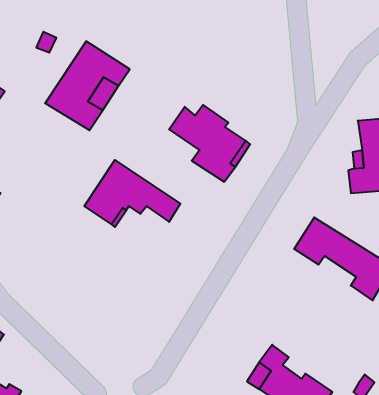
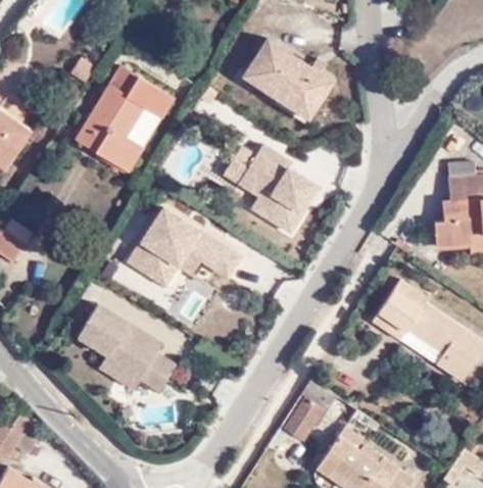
building: none -> [248,42,336,116]
building: none -> [73,306,172,394]
building: none -> [284,379,338,441]

